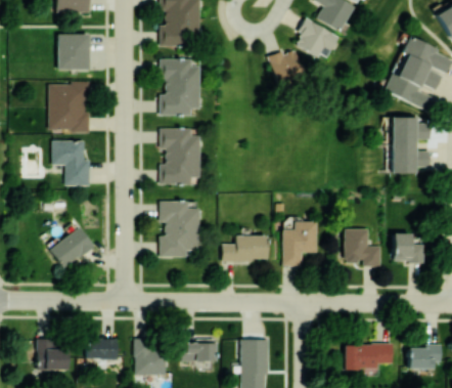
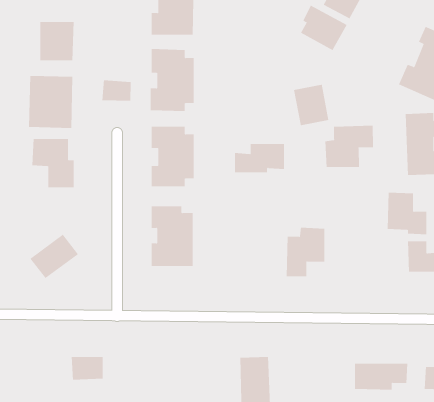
building: [270,50,303,88] -> [293,84,329,126]
building: none -> [102,80,131,102]
building: none -> [325,125,373,168]
building: [345,228,381,267] -> [387,192,427,235]
building: [222,235,268,262] -> [234,144,285,173]
building: [37,339,69,371] -> none
building: [134,339,167,375] -> none
building: [182,340,216,362] -> none

